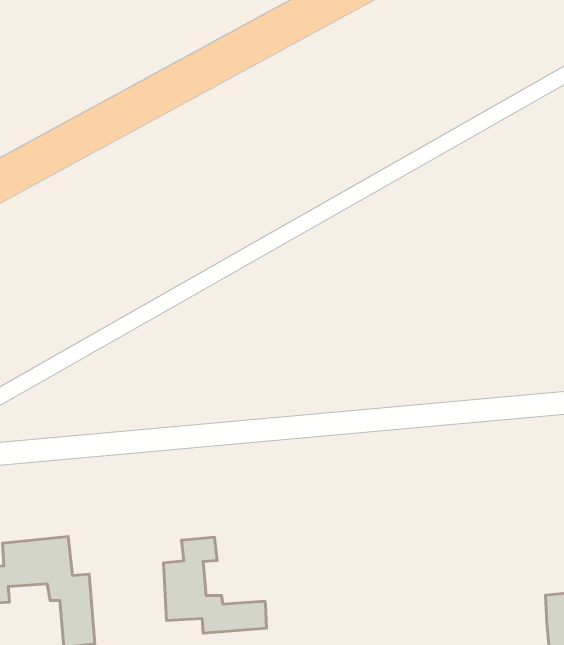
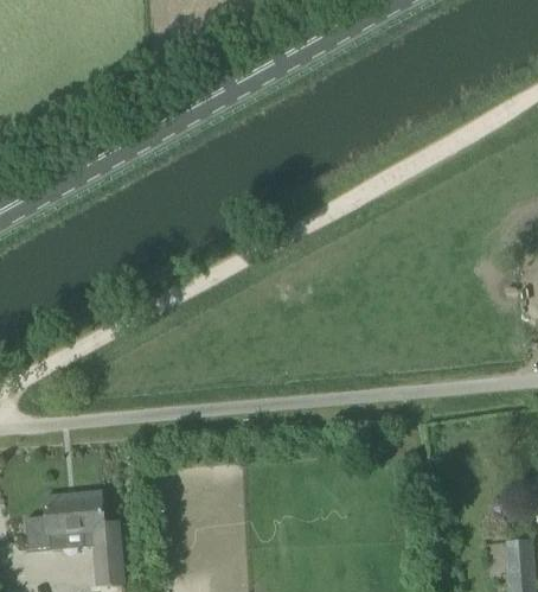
building: [164,537,267,633] -> none

